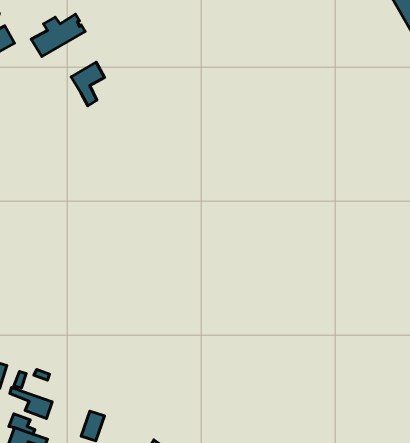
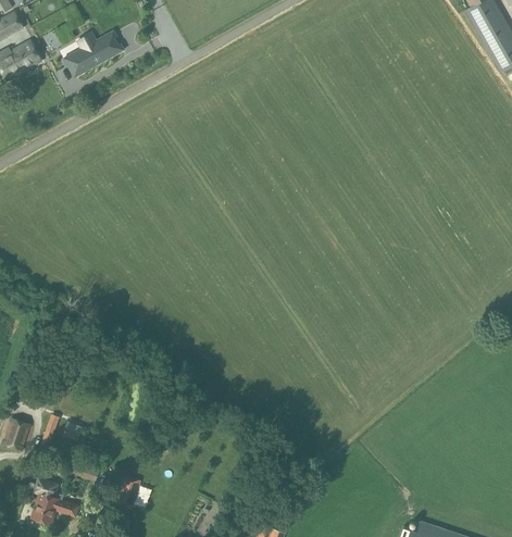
building: [71,62,105,106] -> none
building: [10,387,52,418] -> none

